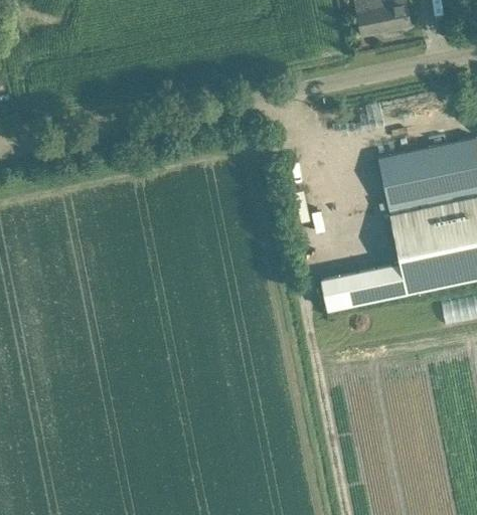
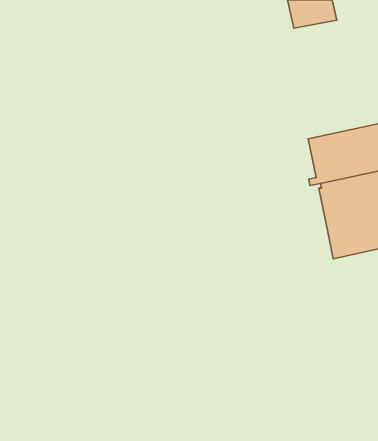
building: [321,265,407,312] -> none

